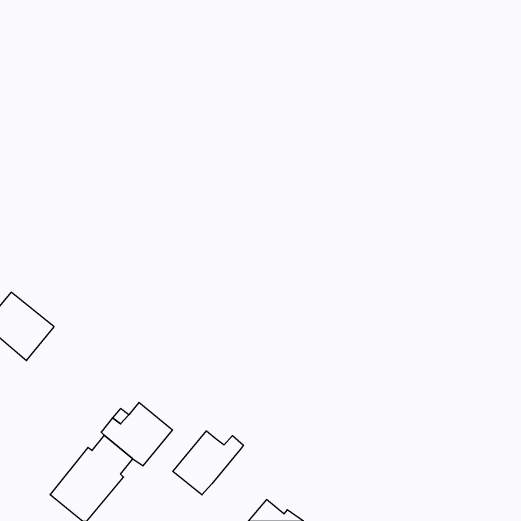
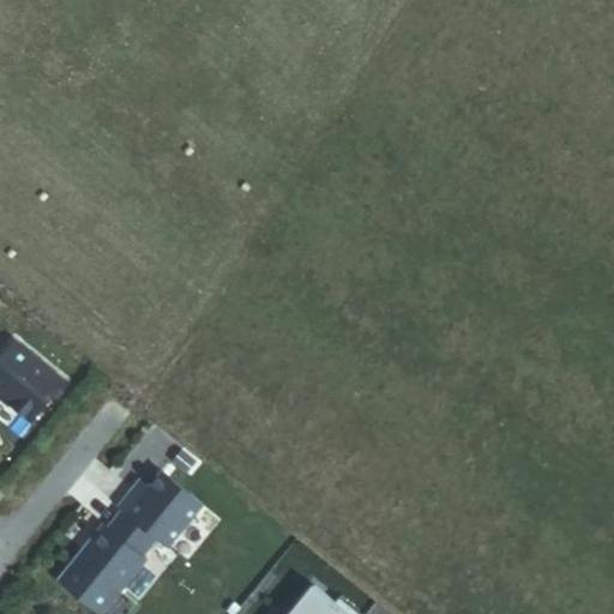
building: [173,431,243,495] -> none

